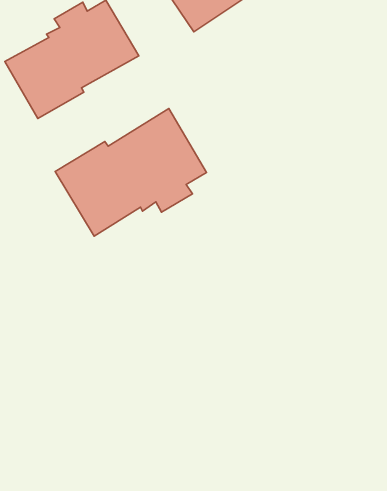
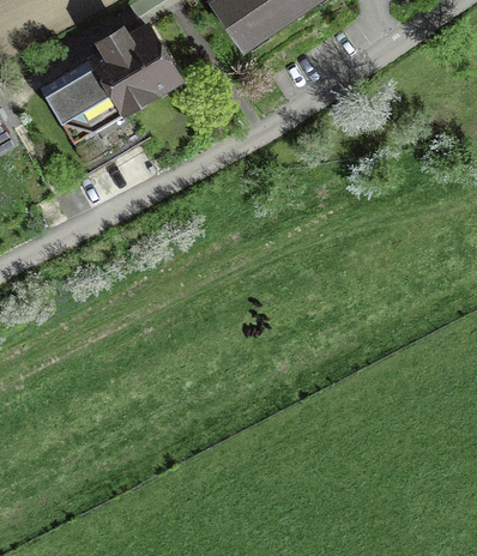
building: [55,108,207,236] -> none

